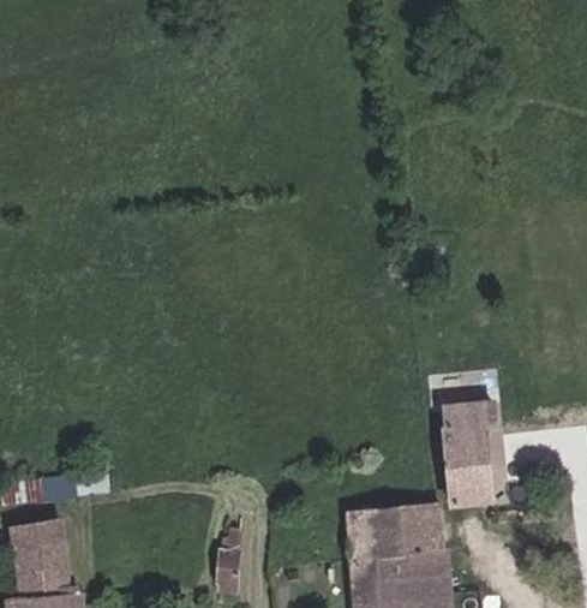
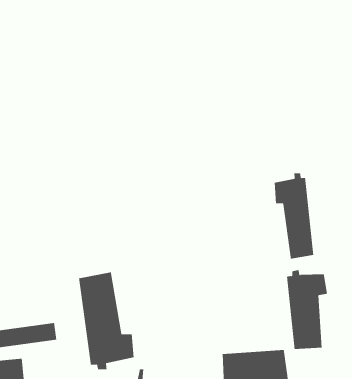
building: none -> [274,173,314,259]
building: none -> [78,272,134,370]

